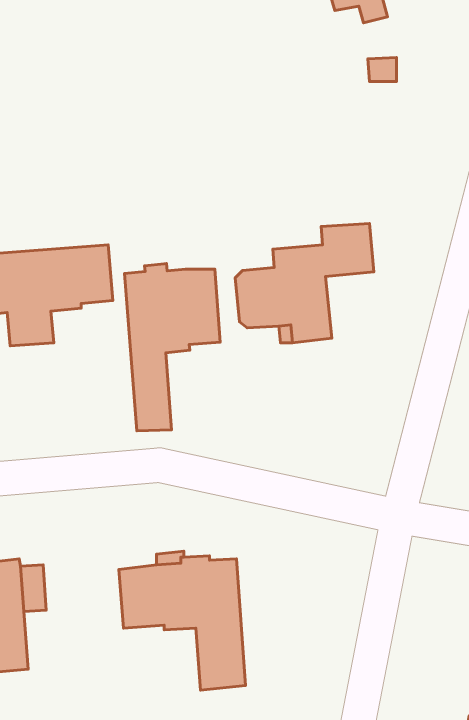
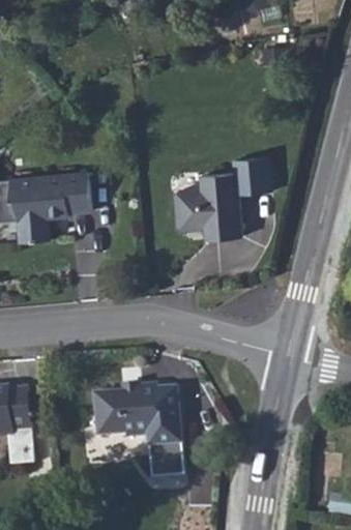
building: [125,263,220,431] -> none

